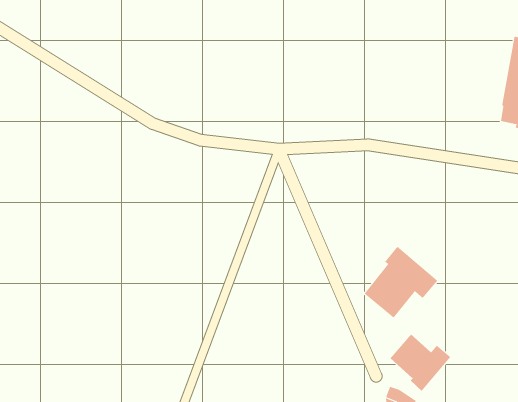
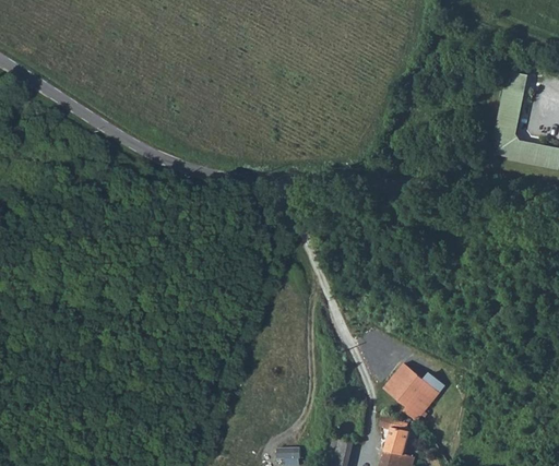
building: [364,246,438,319] -> none

